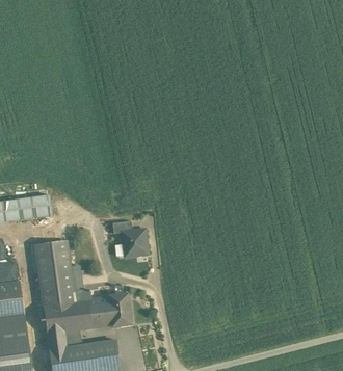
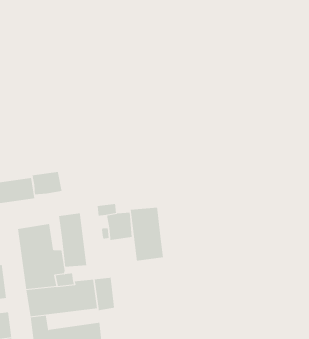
building: none -> [32,171,62,195]
building: none -> [130,207,164,261]
building: none -> [59,213,87,267]

